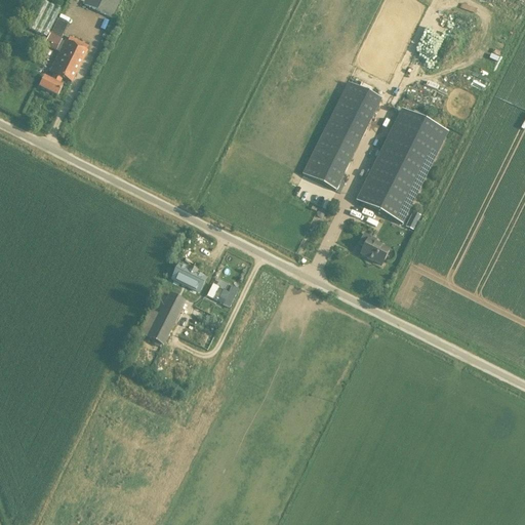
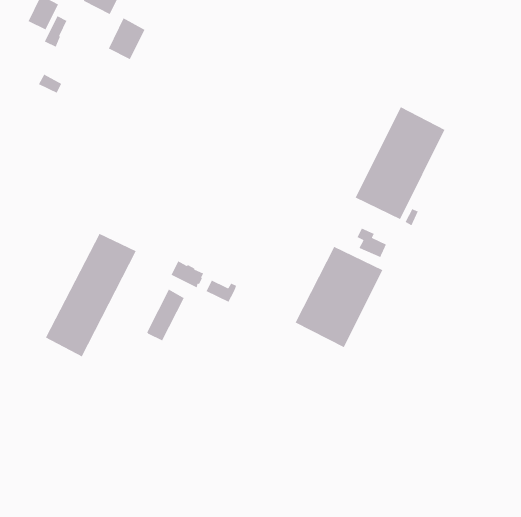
building: [50,37,88,80] -> [108,17,146,60]
building: [304,80,382,189] -> none
building: none -> [45,233,137,357]
building: none -> [295,246,383,348]

